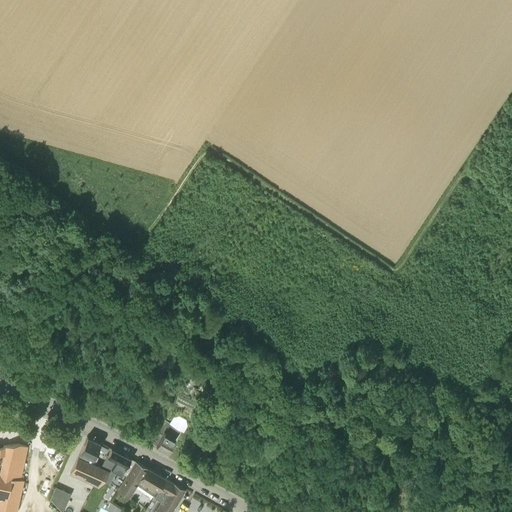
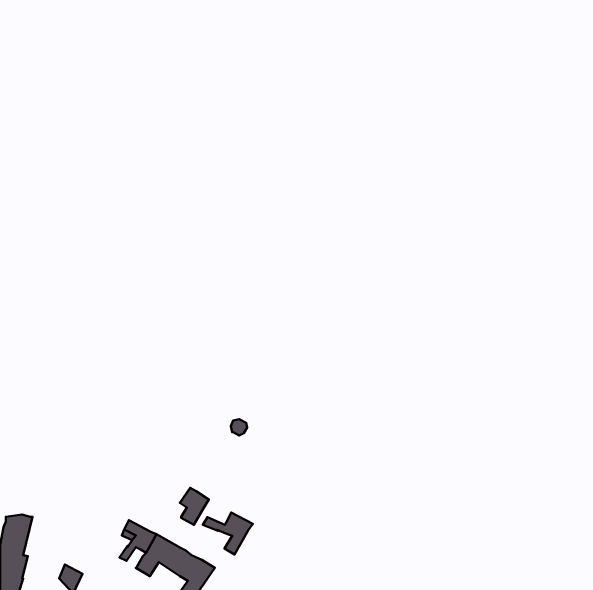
building: [70,439,110,486] -> none
building: none -> [203,513,253,554]

